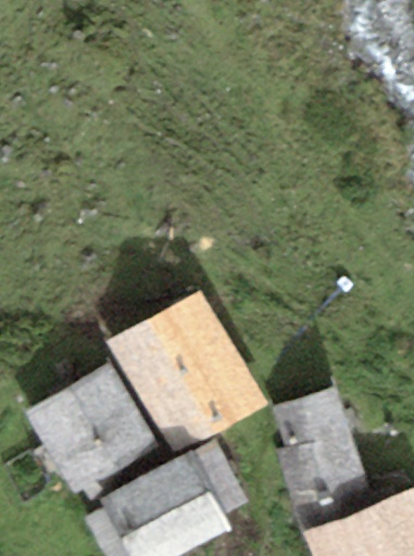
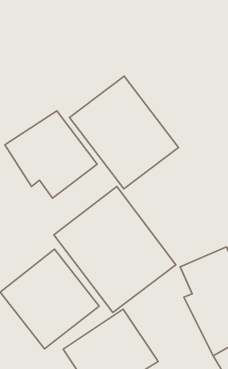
building: none -> [70,76,179,189]
building: none -> [5,111,97,198]

